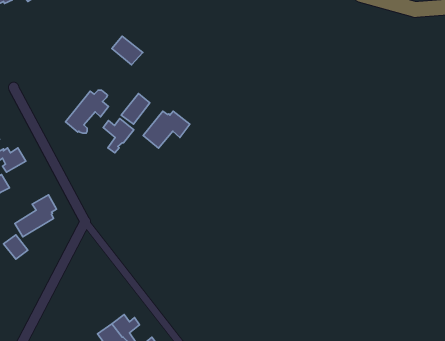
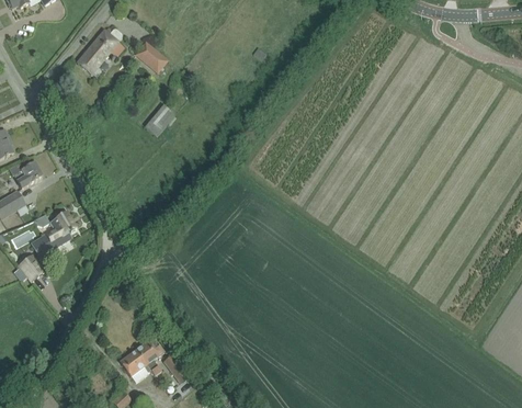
building: [66,90,109,133] -> [77,29,123,75]
building: [143,111,190,148] -> none
building: [103,119,134,153] -> none

